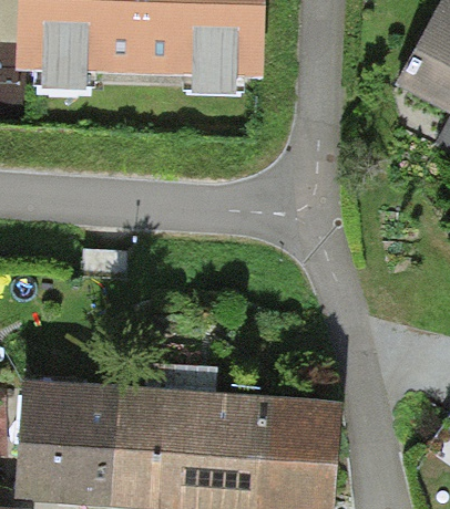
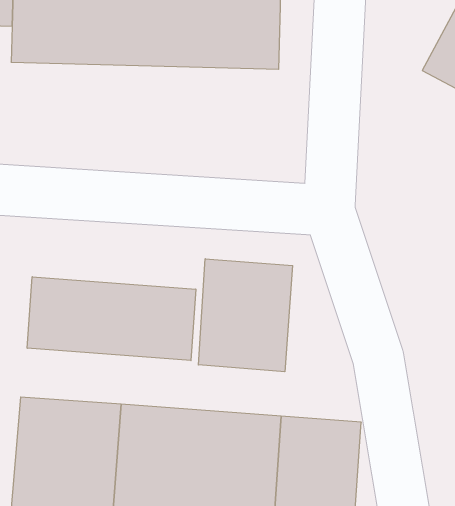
building: none -> [198,259,293,372]
building: none -> [27,277,196,361]

